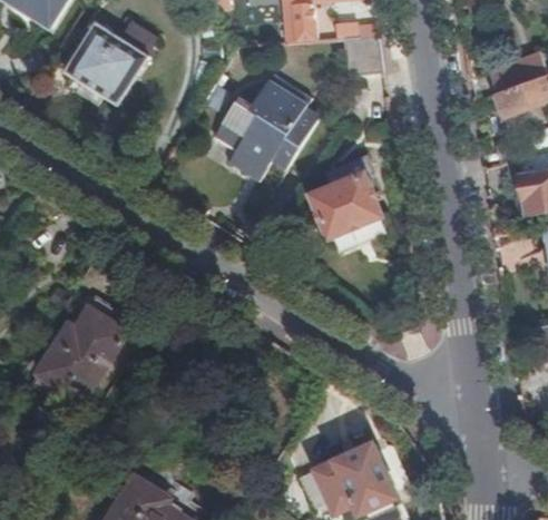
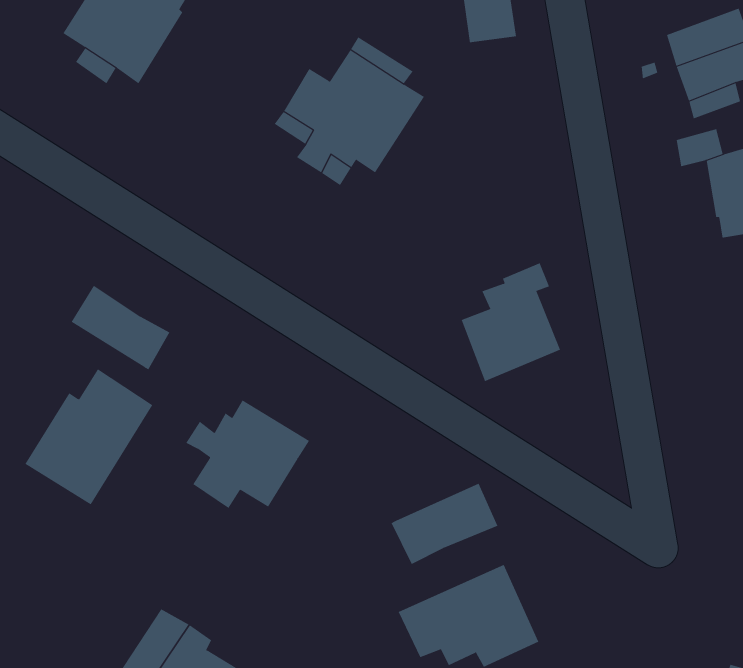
building: [312,155,382,238] -> [461,263,561,382]
building: none -> [71,285,170,370]
building: none -> [186,400,310,509]
building: none -> [391,483,498,565]

